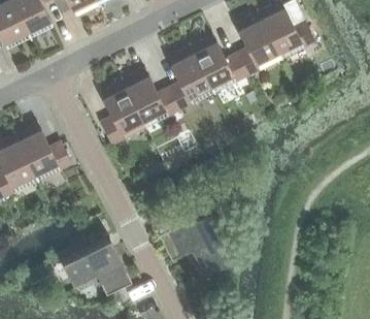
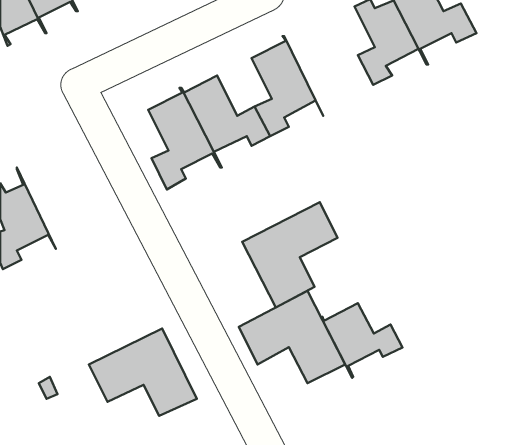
building: [189,36,247,97] -> none
building: [12,124,71,185] -> none
building: none -> [242,202,338,308]
building: none -> [321,303,403,378]

